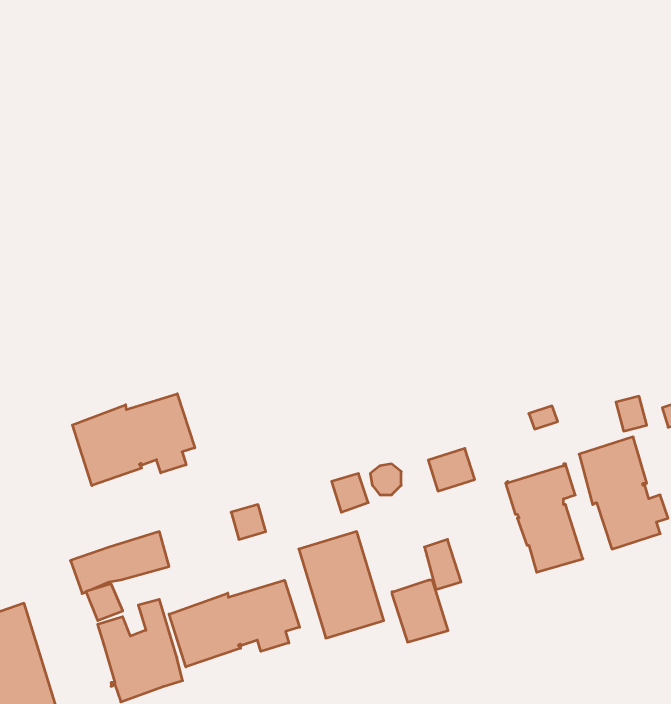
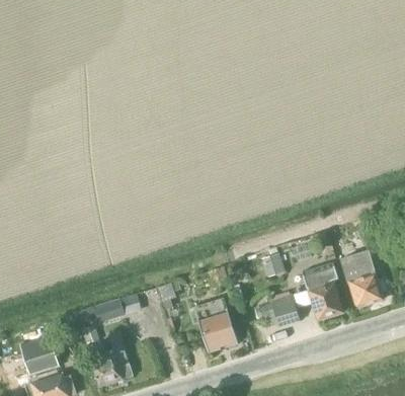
building: [72,394,195,486] -> none
building: [169,580,300,667] -> none
building: [392,580,448,642] -> [271,294,301,326]

